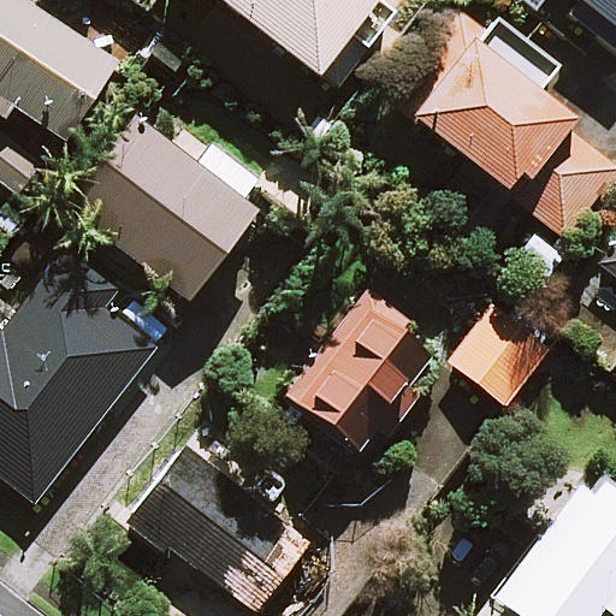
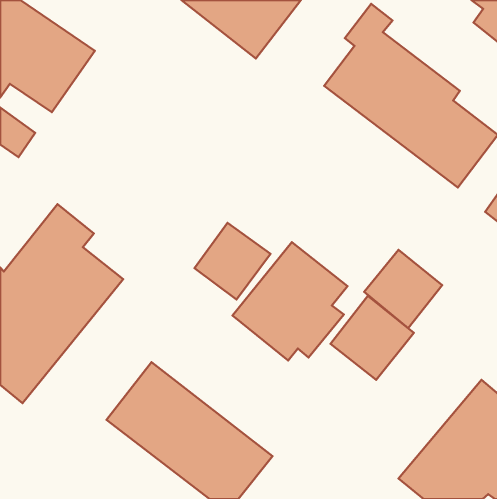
building: [70,118,262,297] -> none
building: none -> [195,223,271,299]
building: none -> [330,296,414,380]

